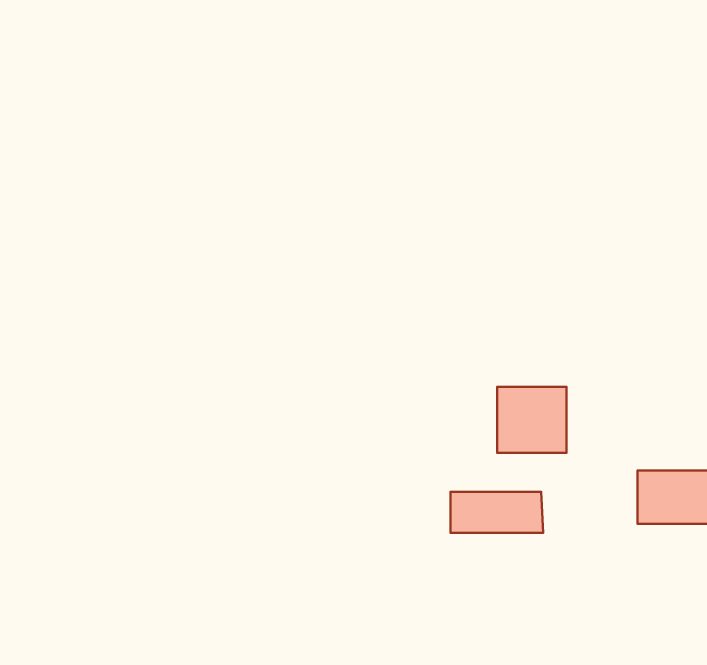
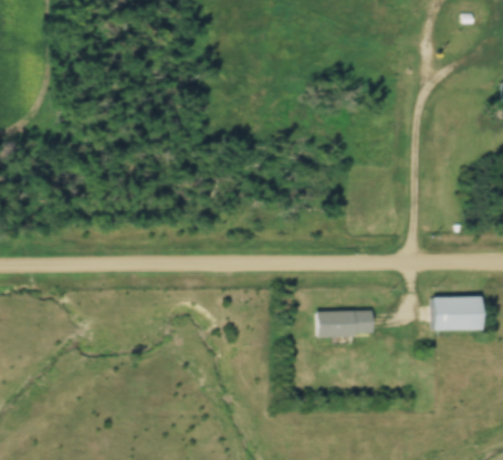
building: [497,387,567,453] -> none

